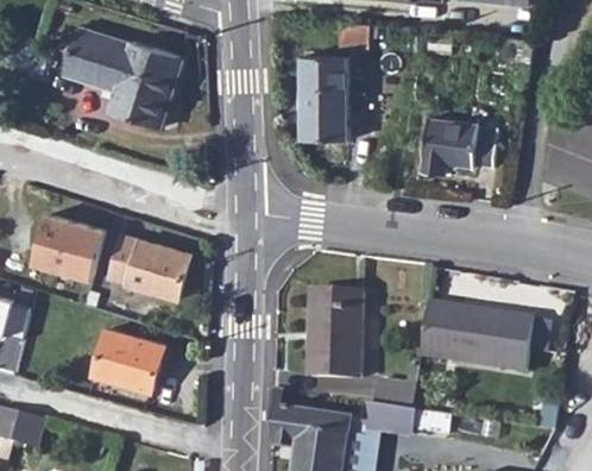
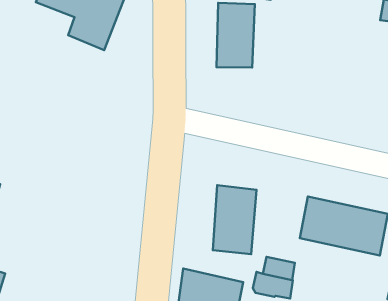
building: [421,119,498,175] -> none
building: [33,212,105,280] -> none
building: [109,232,188,297] -> none
building: [92,328,163,392] -> none

